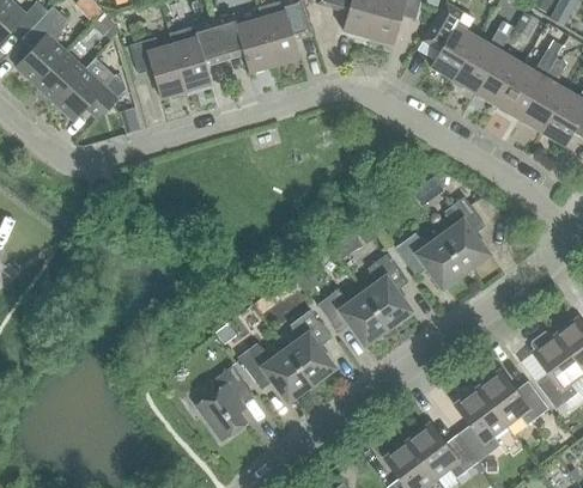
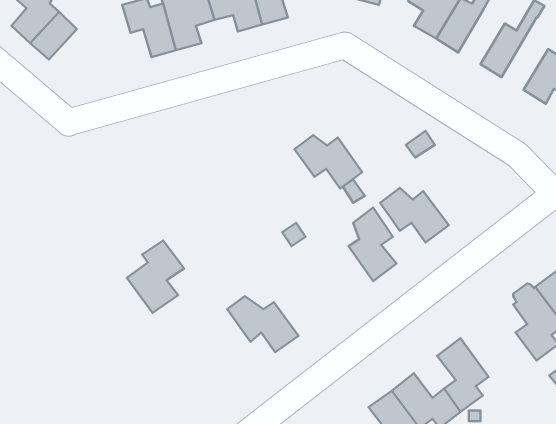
building: [475,50,523,105] -> none
building: [55,57,127,118] -> none
building: [520,57,567,132] -> none
building: [439,196,488,270] -> none
building: [318,289,388,344] -> [295,135,362,189]
building: [286,310,334,384] -> none
building: [195,366,254,440] -> [127,240,184,313]
building: [478,368,548,426] -> none

